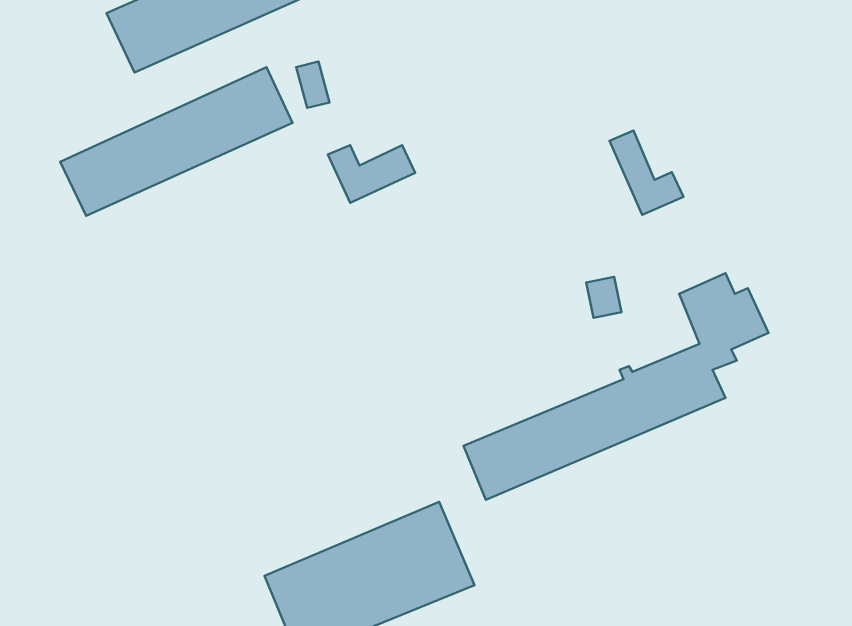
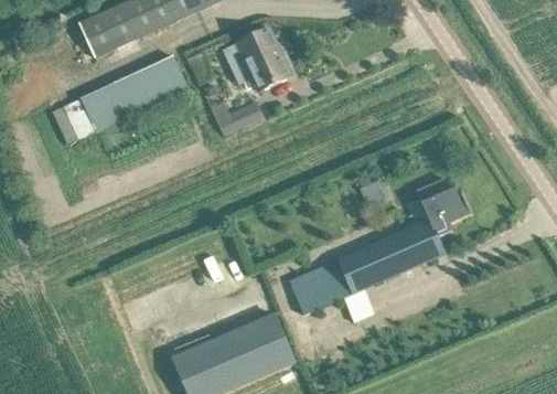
building: none -> [223,26,291,90]
building: [610,130,683,215] -> none

